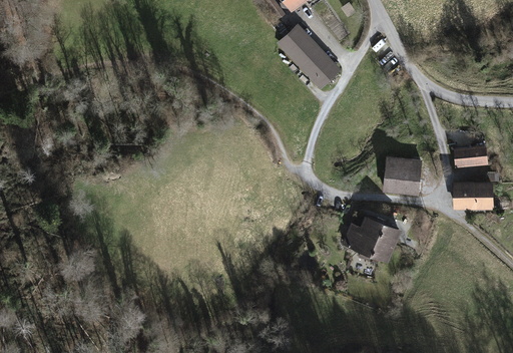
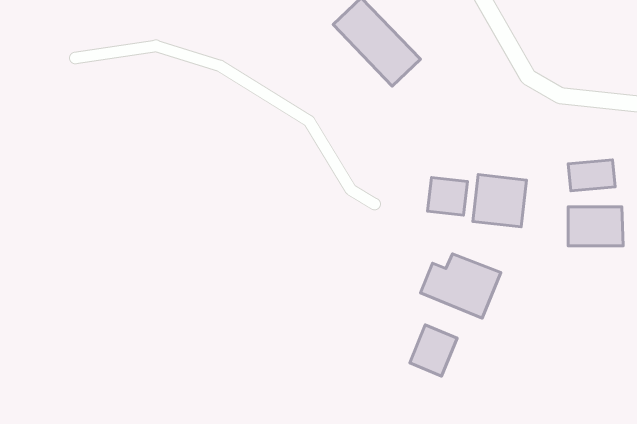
building: none -> [428,177,467,215]
building: none -> [410,325,457,376]

